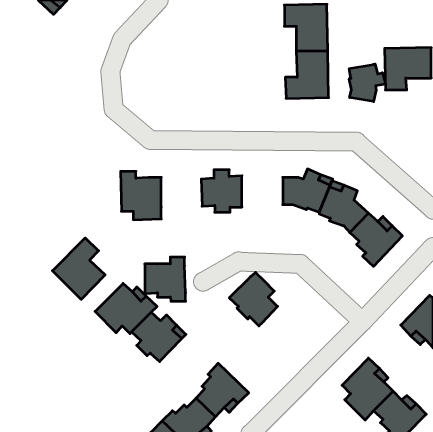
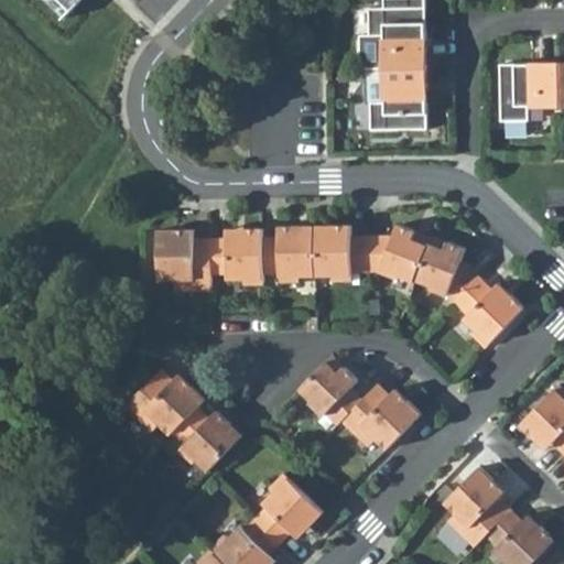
building: [349,64,385,102] -> none
building: none -> [314,221,367,276]
building: [52,238,105,299] -> none
building: [145,257,186,301] -> [209,224,262,281]
building: none -> [340,383,421,449]

